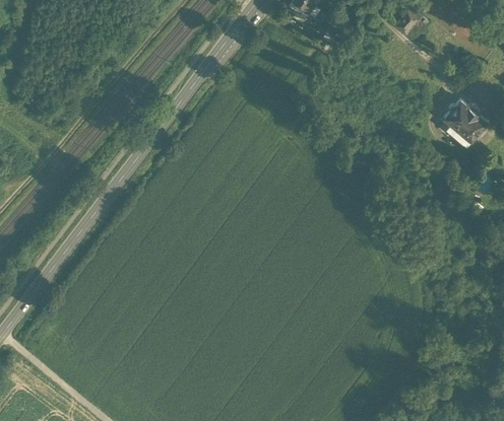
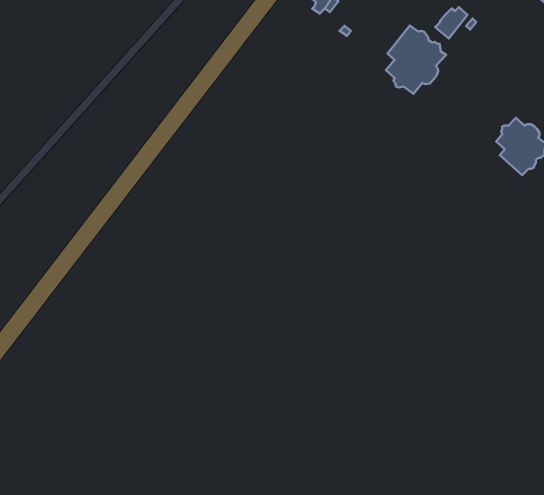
building: none -> [386,26,446,94]

